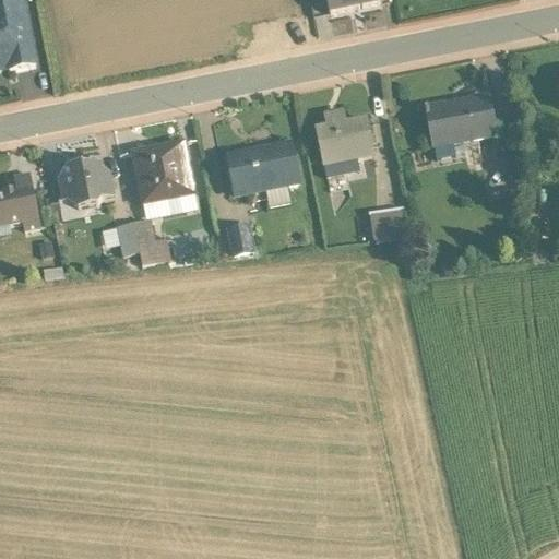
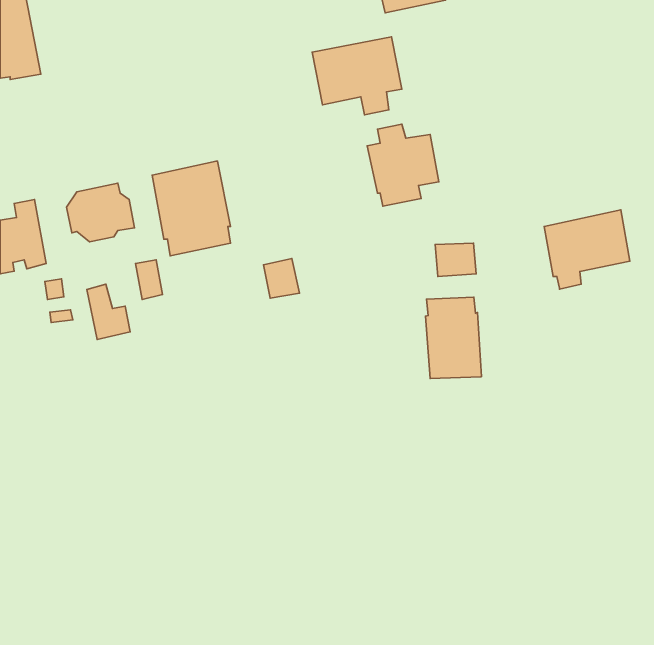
building: [424,91,497,158] -> [544,210,630,289]
building: [224,139,300,205] -> [312,37,402,115]
building: [133,217,170,264] -> [87,284,130,339]
building: none -> [425,297,482,379]

